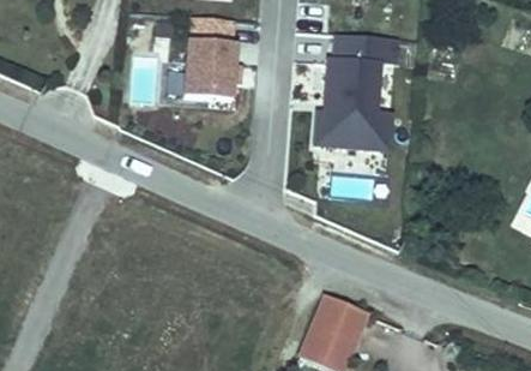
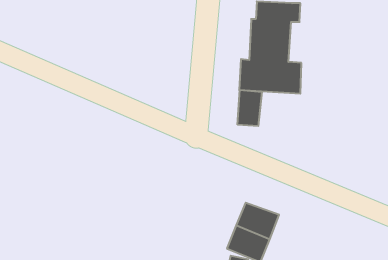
building: [188,38,240,97] -> none
building: none -> [238,90,262,126]

